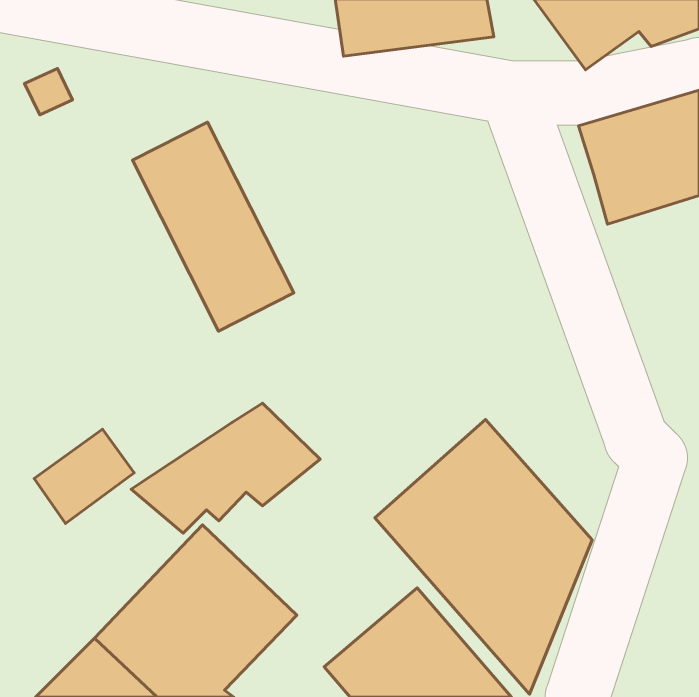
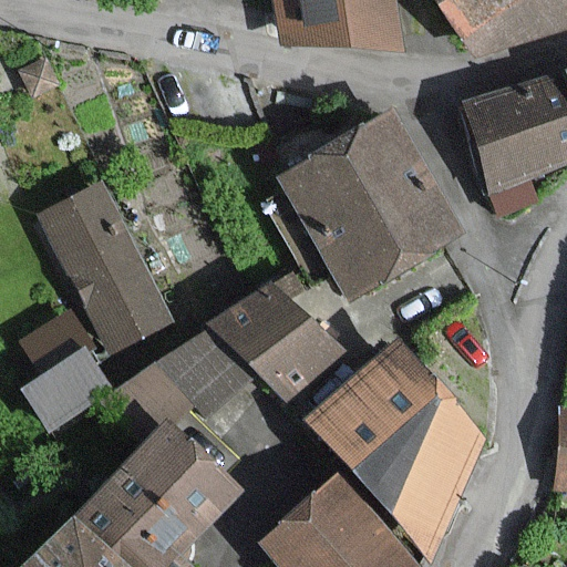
building: [132,122,294,331] -> [39,183,169,352]
building: none -> [281,114,458,296]
building: none -> [220,277,340,399]

